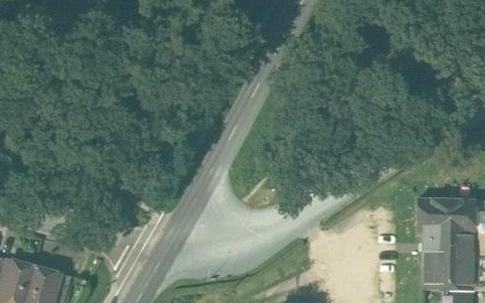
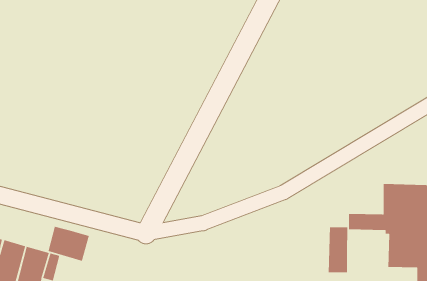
building: none -> [48,226,90,262]
building: none -> [328,227,348,273]

